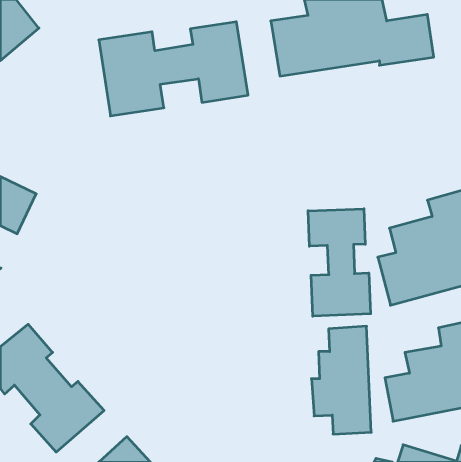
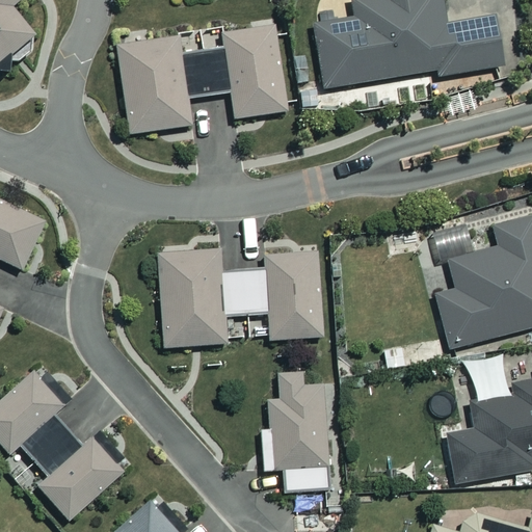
building: [308,209,371,316] -> none
building: none -> [158,248,323,346]
building: [311,326,371,434] -> [259,370,327,494]

